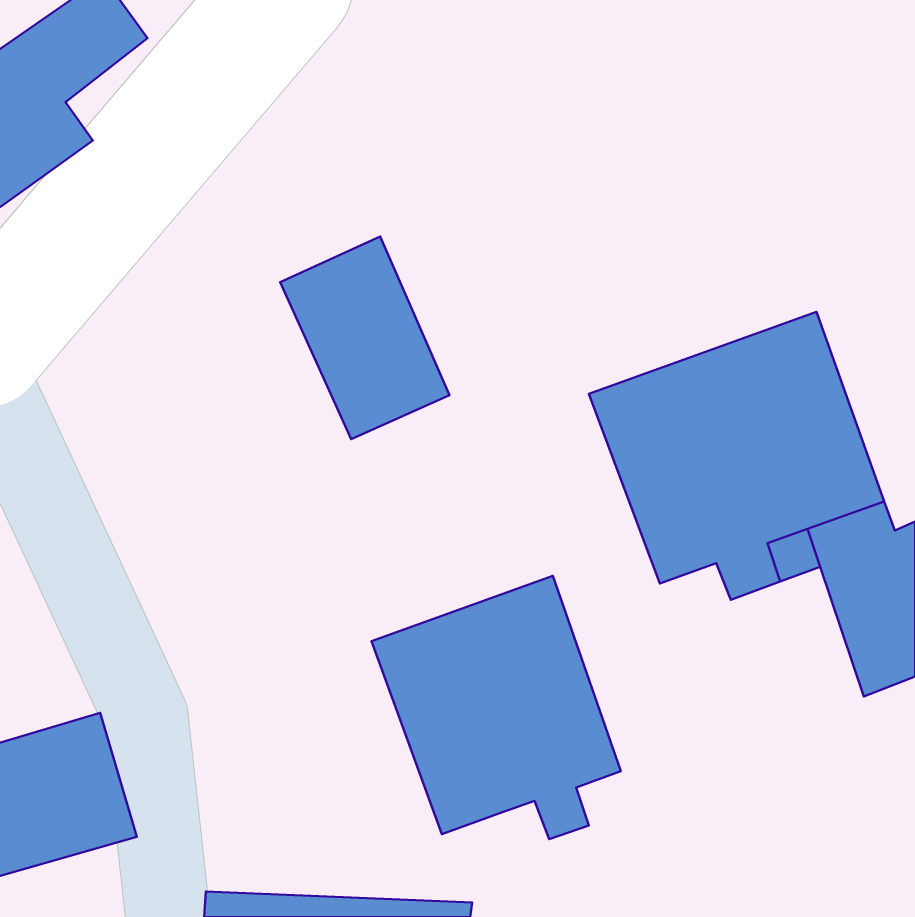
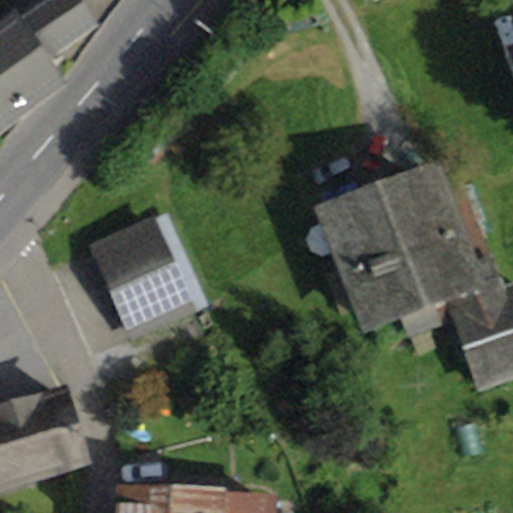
building: [280,237,450,439] -> [88,217,181,329]
building: [372,576,621,839] -> none

